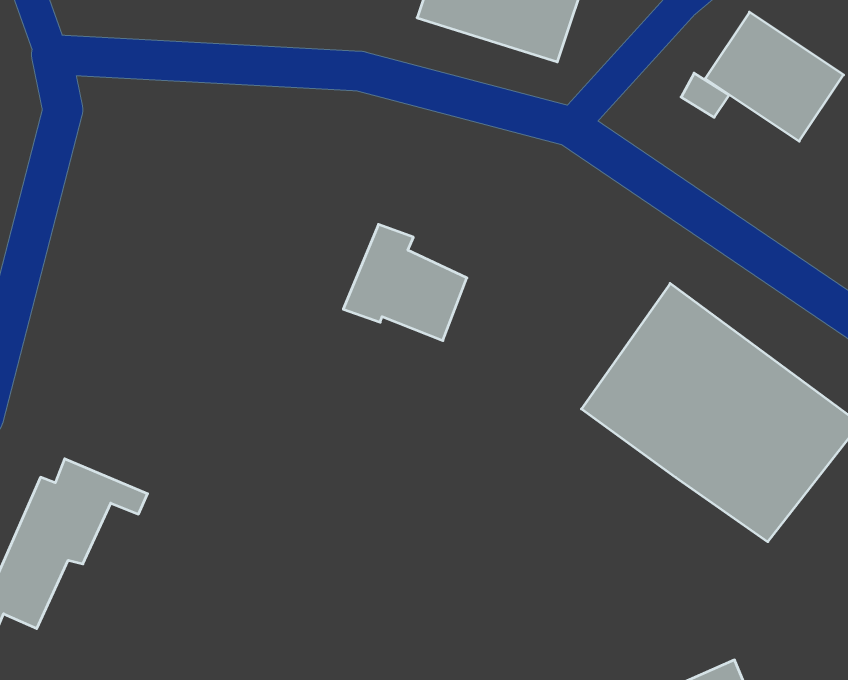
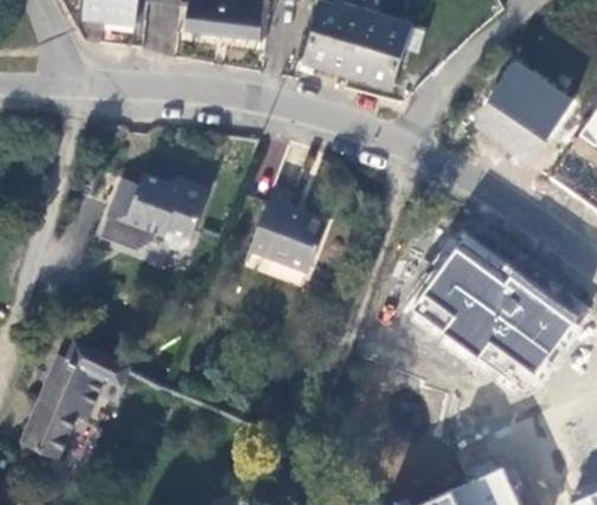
building: none -> [110,167,216,247]

